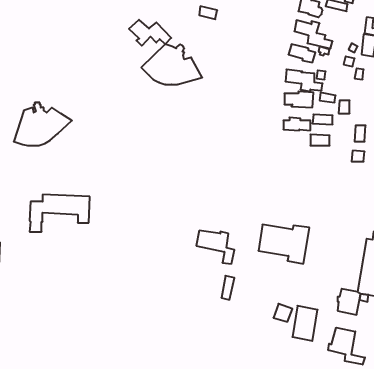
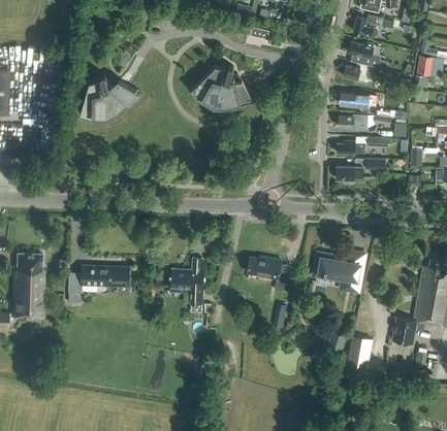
building: [129,20,171,46] -> none
building: [14,103,72,146] -> [79,74,139,119]
building: none -> [337,165,364,185]
building: [30,195,90,232] -> [68,265,130,303]
building: none -> [170,258,204,303]
building: [328,328,365,365] -> none

